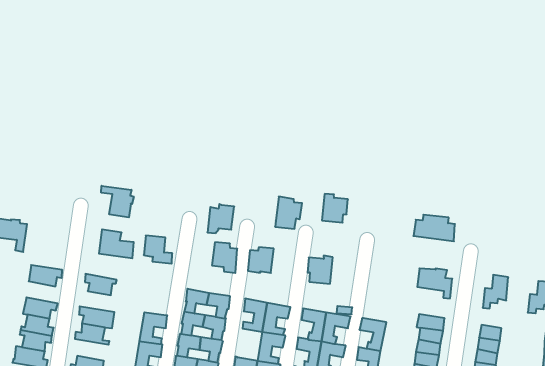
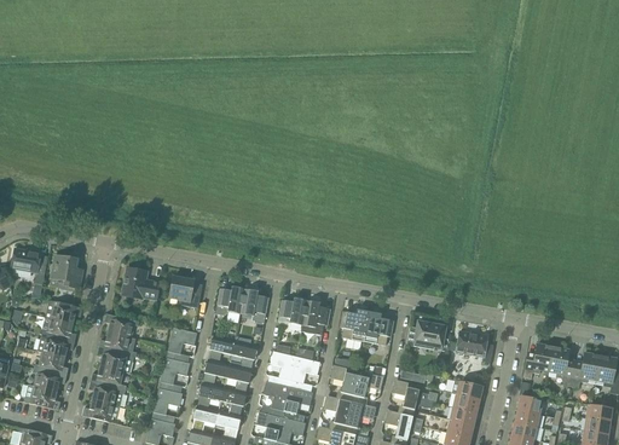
building: [101,186,134,217] -> none
building: [322,194,348,223] -> [364,313,393,345]
building: [275,197,302,229] -> [301,300,331,335]
building: [207,204,234,233] -> [215,285,245,316]
building: [413,215,455,241] -> [406,322,451,352]
building: none -> [51,256,82,288]
building: none -> [549,347,574,386]
building: none -> [42,317,76,342]
building: none -> [166,328,197,363]
building: none -> [98,331,137,357]
building: none -> [261,381,289,417]
building: none -> [88,381,126,406]

